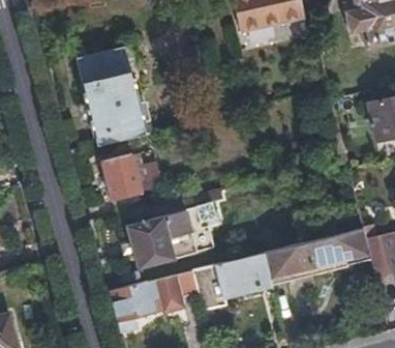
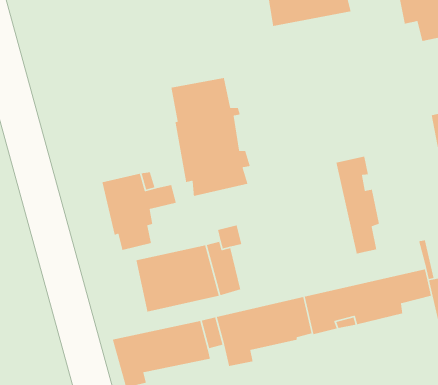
building: [80,45,146,143] -> [171,77,251,197]
building: none -> [335,156,380,255]

